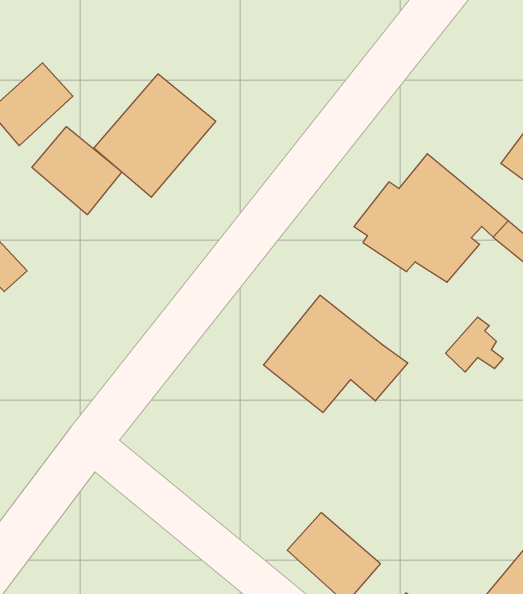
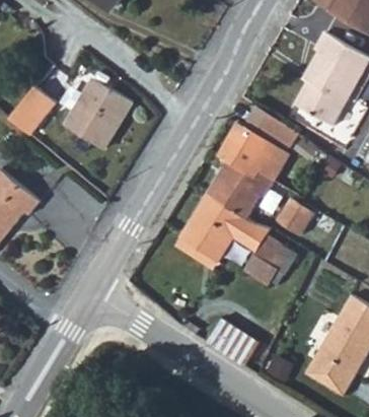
building: [32,127,122,215] -> none
building: none -> [204,161,274,217]
building: none -> [241,225,284,286]

